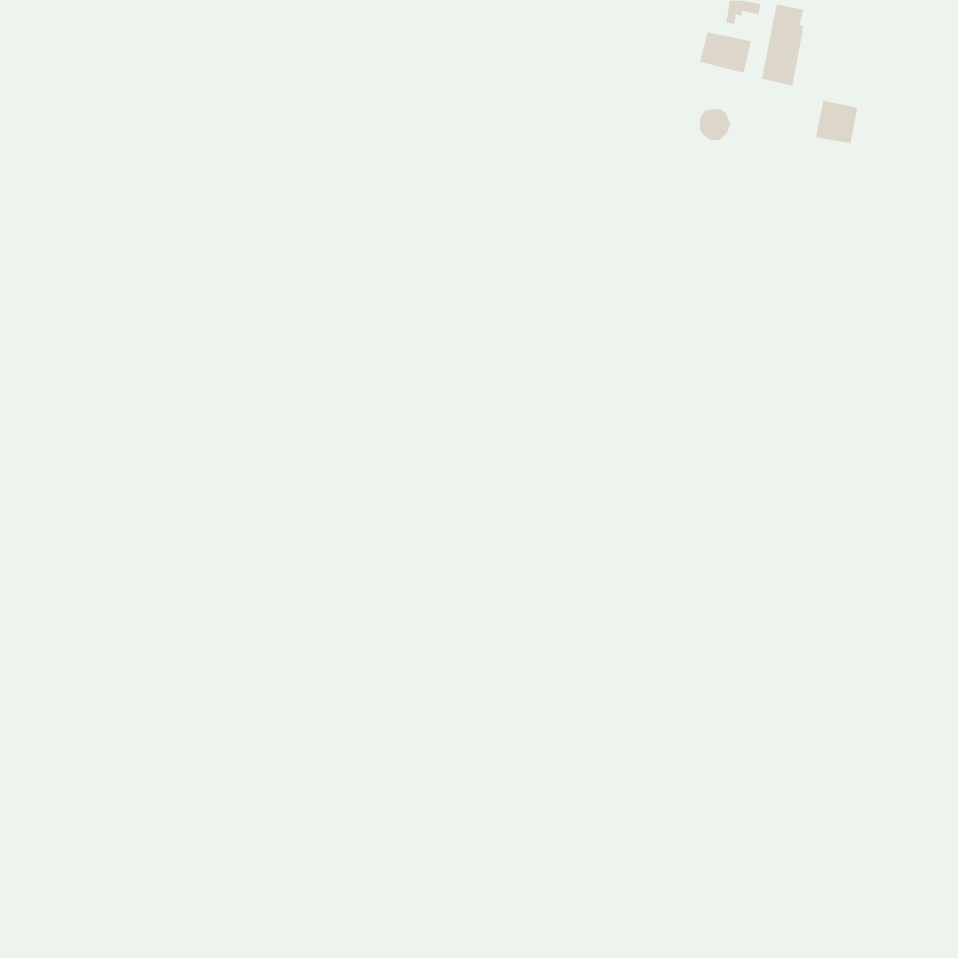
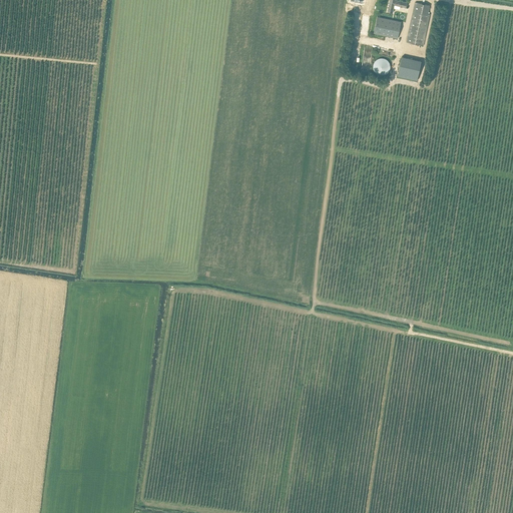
building: [815,100,858,145] -> [398,57,421,81]

